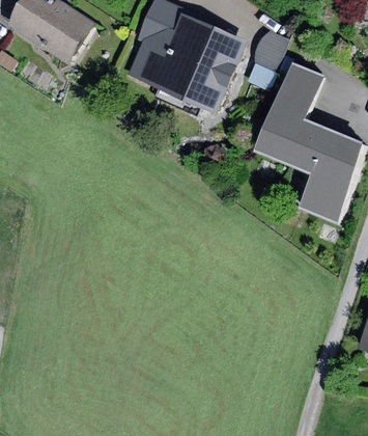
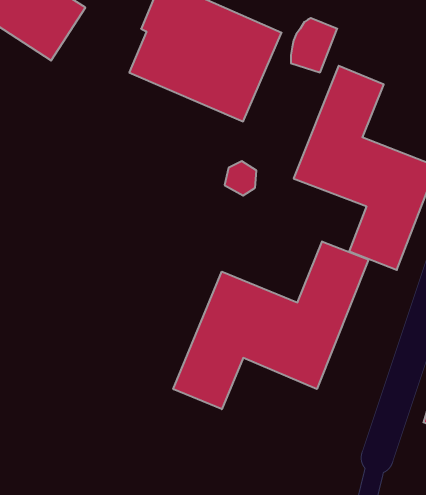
building: none -> [173,241,369,409]

